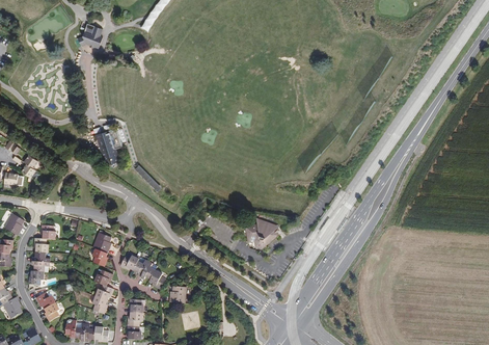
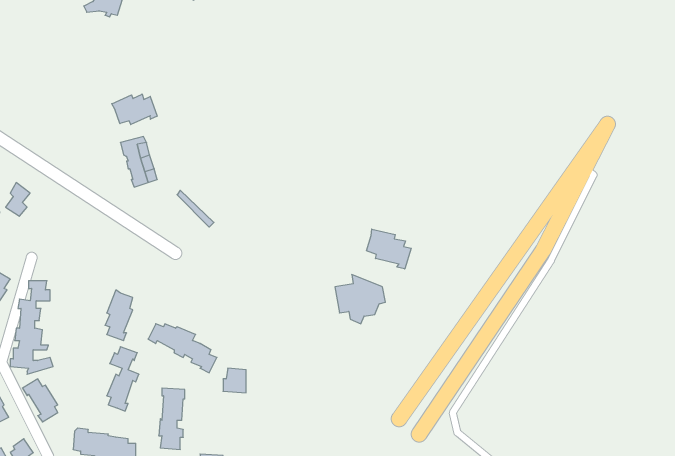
building: none -> [112,94,157,125]
building: none -> [366,229,411,269]

